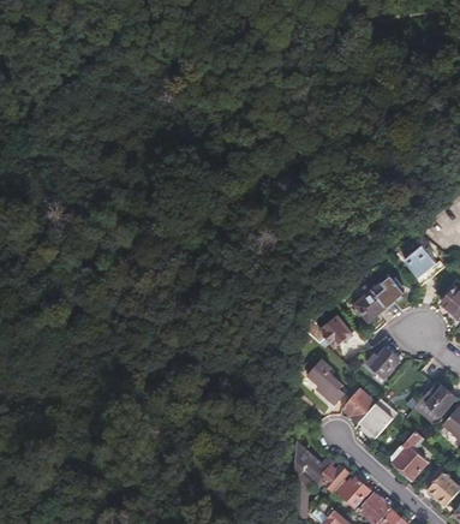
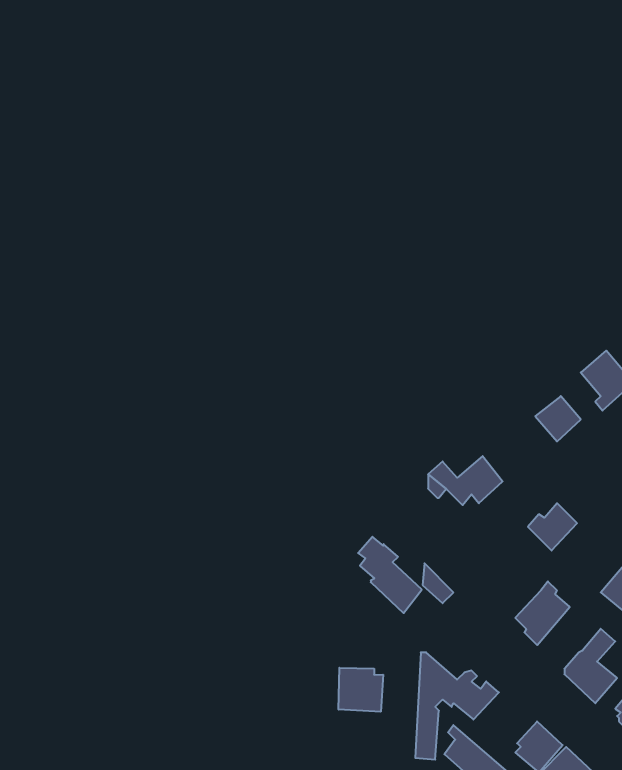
building: [354,290,387,322] -> none
building: [305,356,347,406] -> [358,537,422,613]
building: [342,389,376,423] -> none
building: none -> [339,668,383,712]
building: [335,477,371,510] -> none

